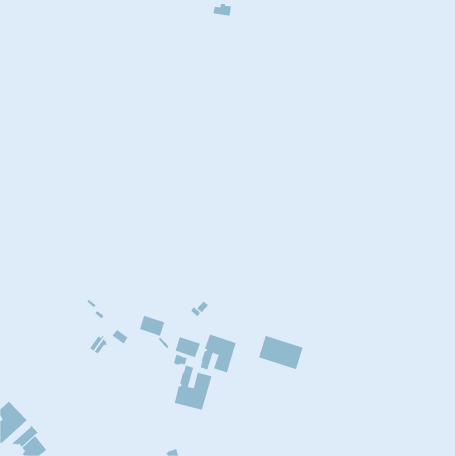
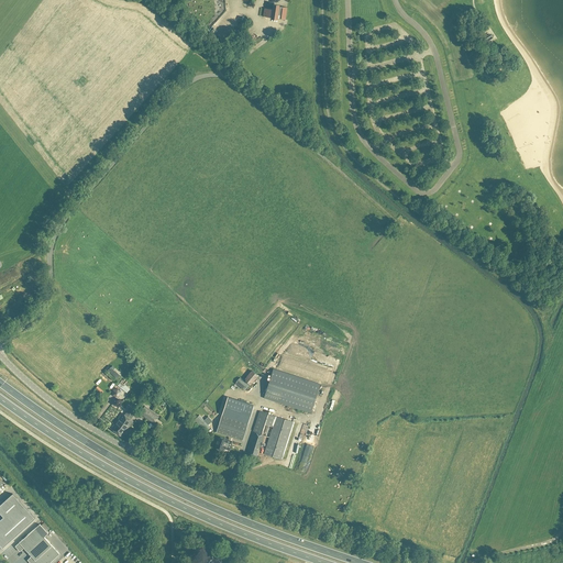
building: [139,315,165,336] -> [221,397,253,423]
building: [258,335,304,370] -> [263,369,319,412]
building: [174,365,212,410] -> none

